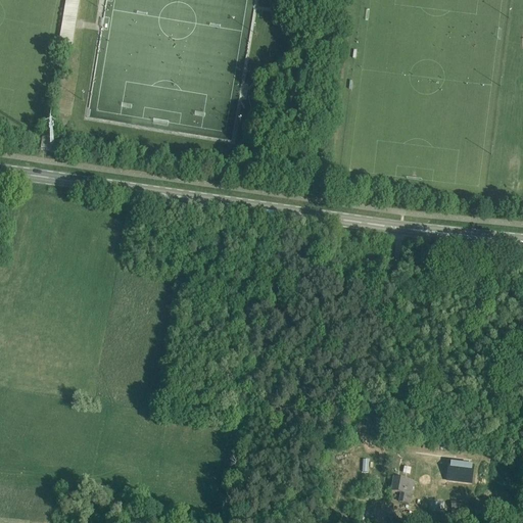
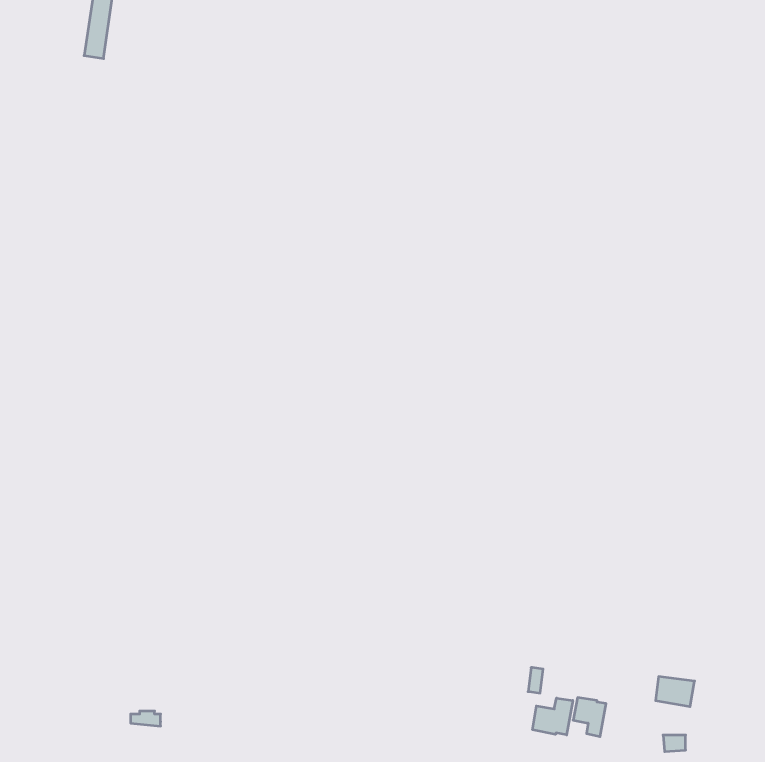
building: none -> [533,698,573,735]

